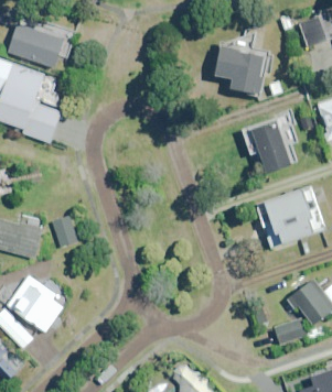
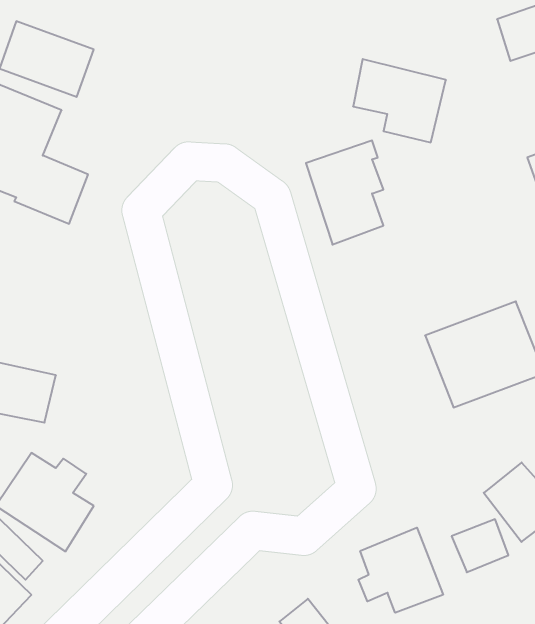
building: [251,113,297,174] -> [306,140,383,245]
building: [52,217,76,247] -> none
building: none -> [358,528,443,613]

